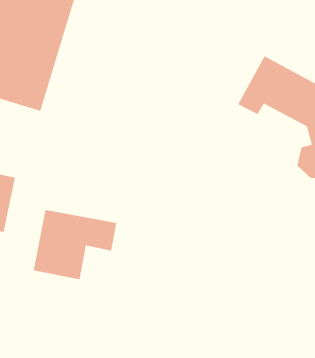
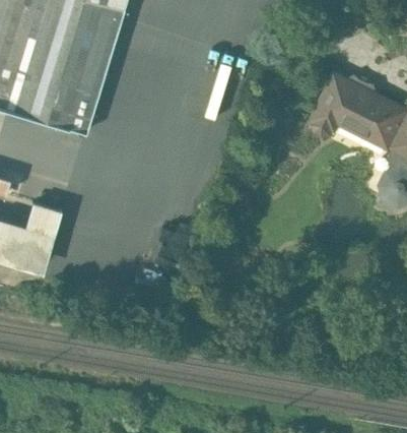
building: [33,209,117,280] -> none

